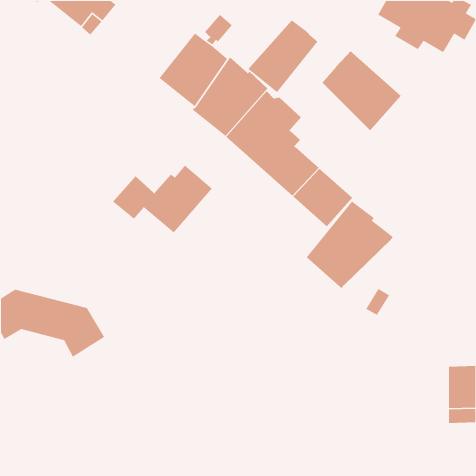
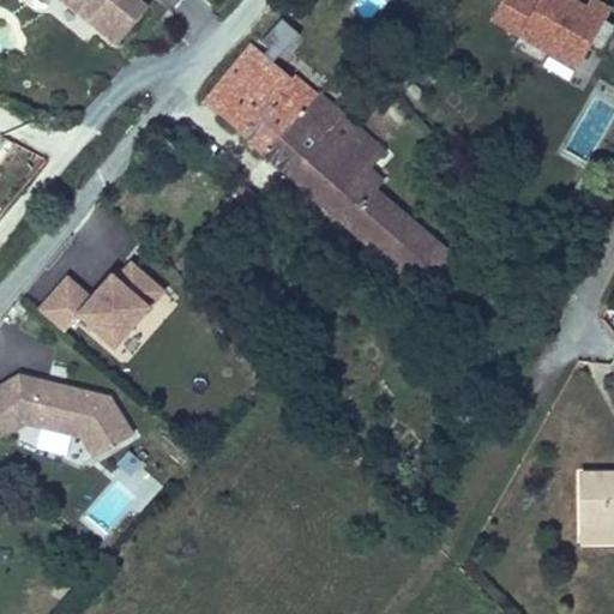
building: [248,19,319,93] -> none
building: [322,51,401,131] -> none
building: [112,164,213,233] -> [37,260,167,349]
building: [306,201,394,289] -> none

